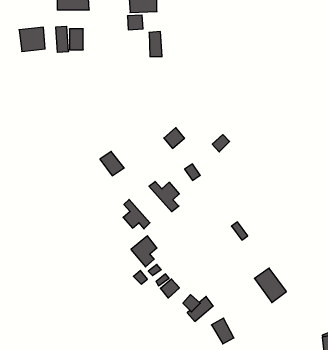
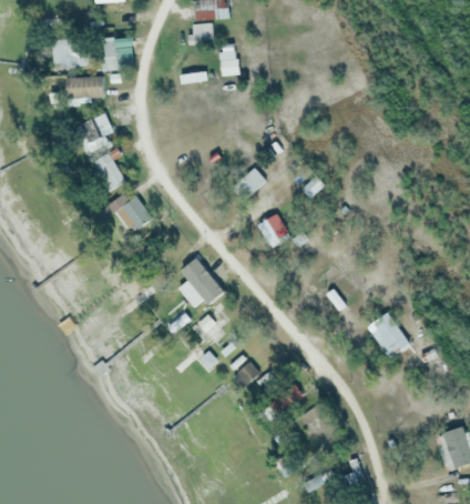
building: none -> [65,77,102,98]
building: none -> [73,113,113,153]
building: none -> [90,153,124,192]
building: [100,151,124,176] -> [121,196,152,228]
building: [149,181,179,212] -> none
building: [254,268,286,303] -> [368,313,409,357]

